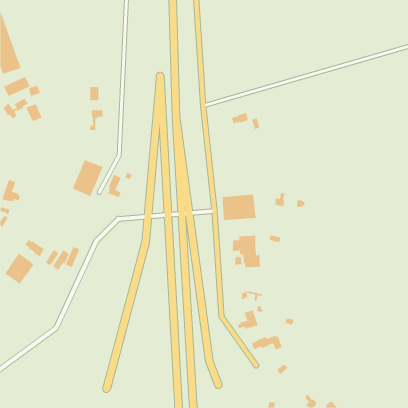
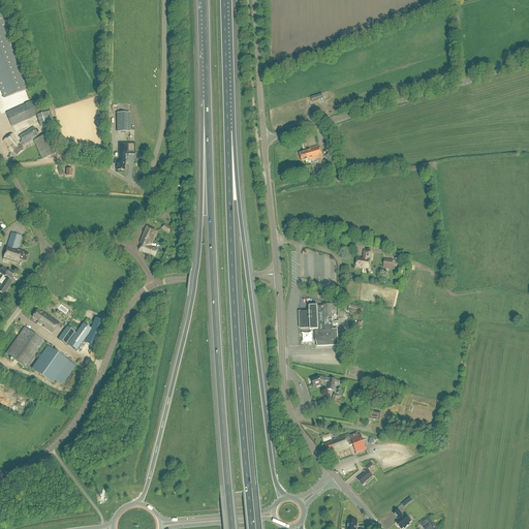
building: [72,159,104,197] -> none
building: [222,194,256,221] -> none
building: none -> [30,345,74,384]
building: [237,309,259,330] -> none

